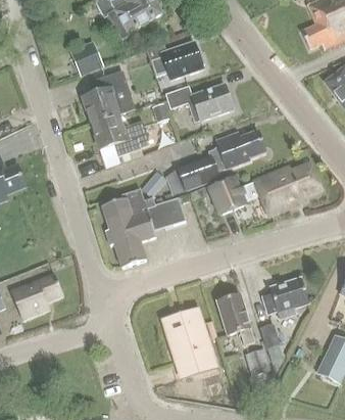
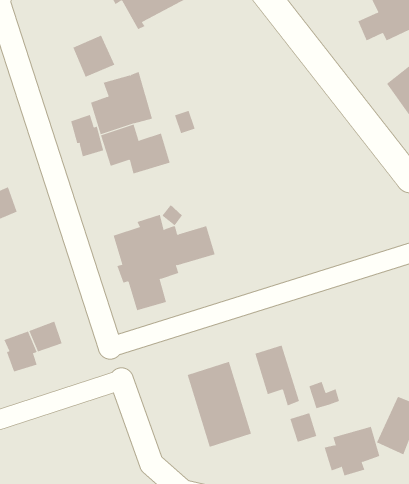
building: [145,42,203,80] -> none
building: [165,86,232,122] -> none
building: none -> [70,114,104,157]
building: [178,130,265,191] -> none
building: [210,164,321,216] -> none
building: [262,278,308,319] -> [324,426,380,476]

